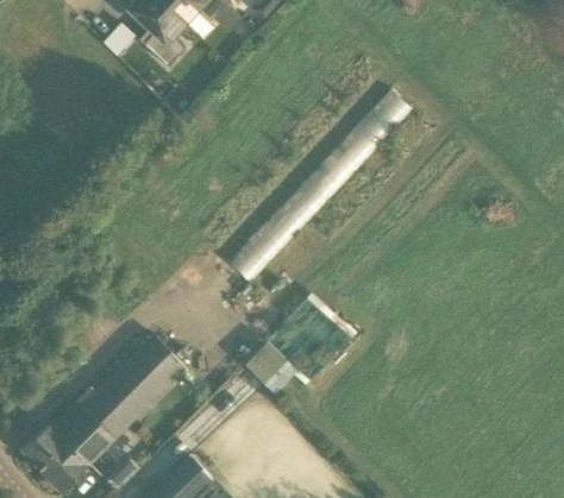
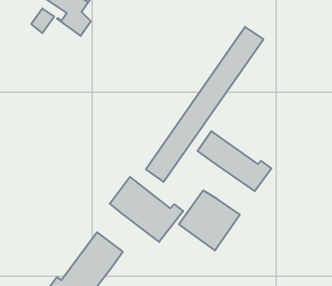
building: none -> [198,131,271,191]
building: none -> [110,177,183,242]

